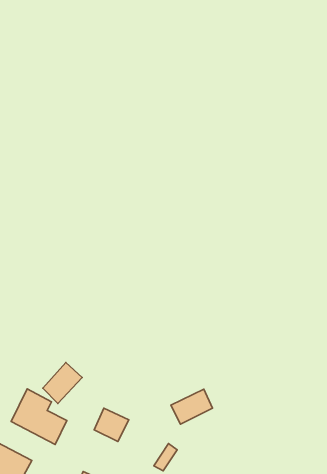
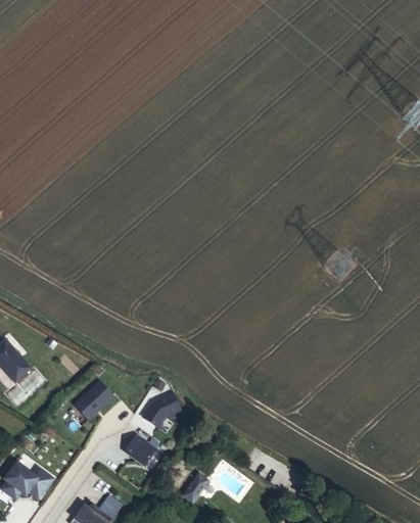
building: [11,389,67,444] -> none
building: [171,389,213,424] -> [141,393,184,427]

